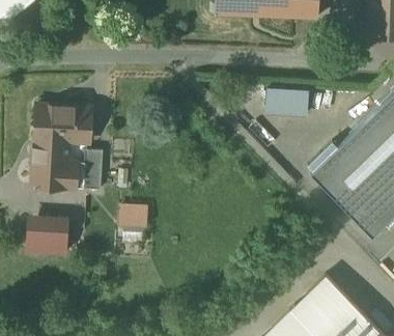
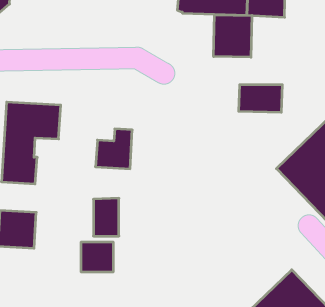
building: none -> [214,15,252,57]
building: [65,150,103,191] -> [95,129,132,169]
building: none -> [81,242,113,272]

